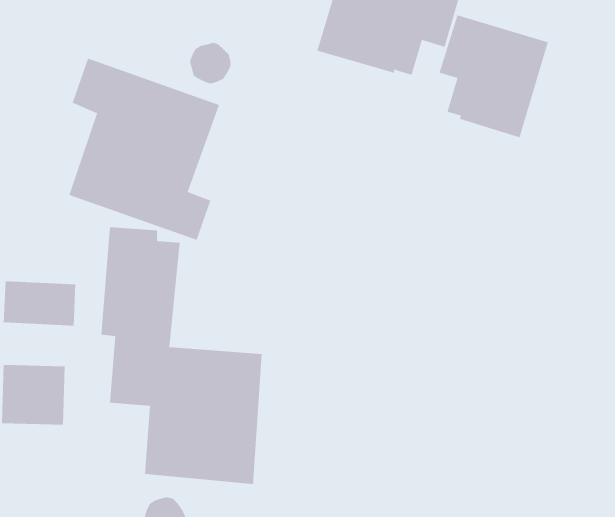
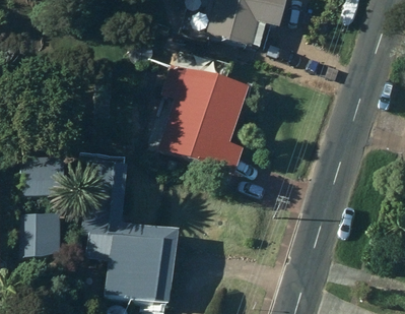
building: [439,15,549,138] -> none
building: [68,58,220,241] -> [160,67,249,174]

